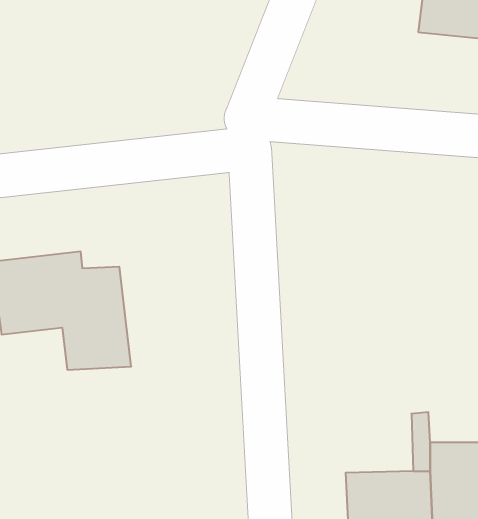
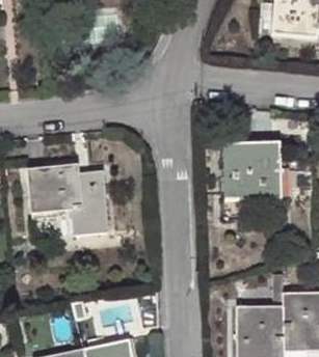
building: none -> [221,144,283,201]

